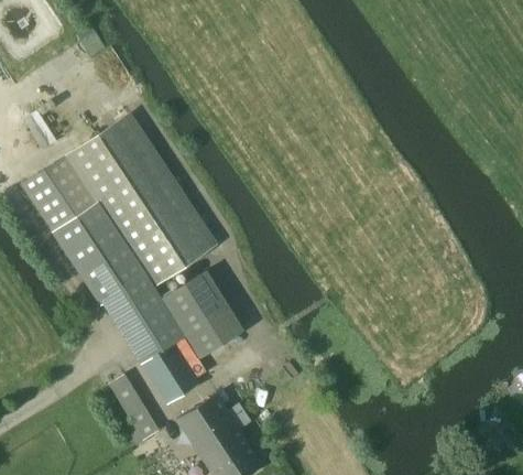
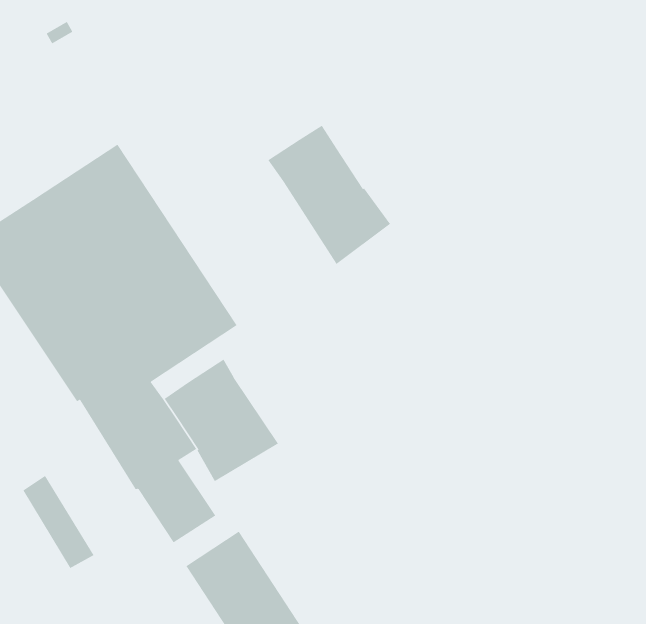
building: none -> [267,125,391,265]
building: [108,373,160,440] -> [22,475,95,569]

